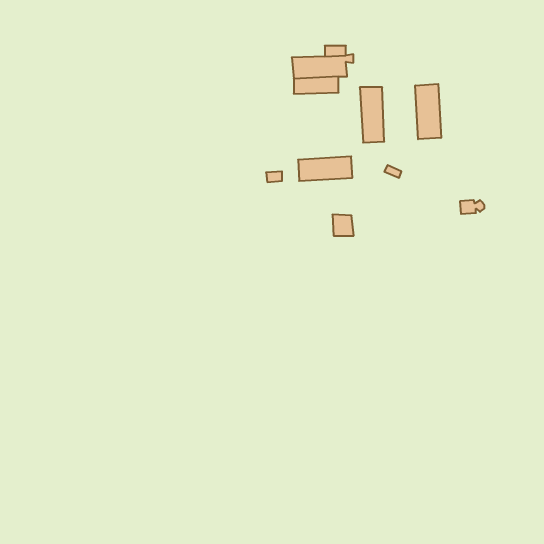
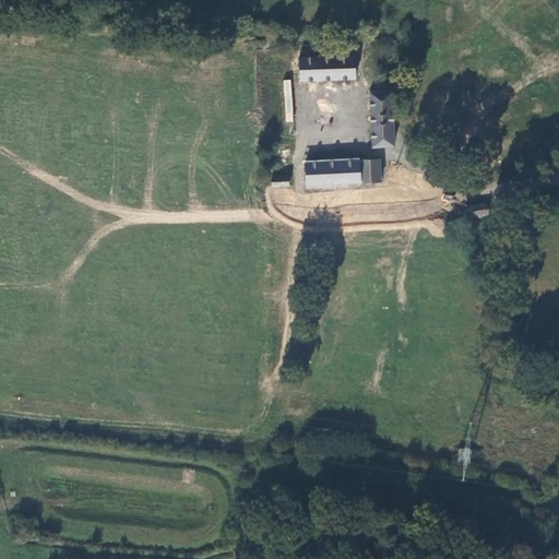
building: [415,84,441,139] -> none
building: [332,215,354,236] -> [360,160,382,182]

